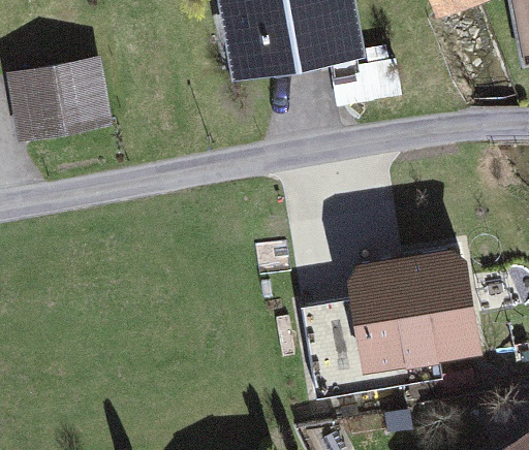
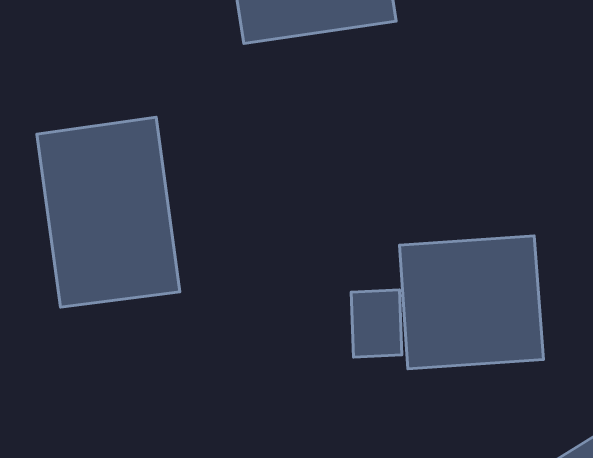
building: [15,63,123,146] -> none
building: none -> [37,117,180,307]

